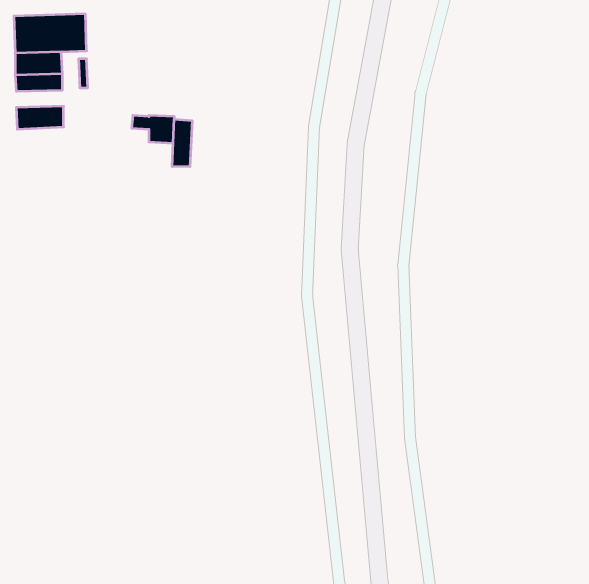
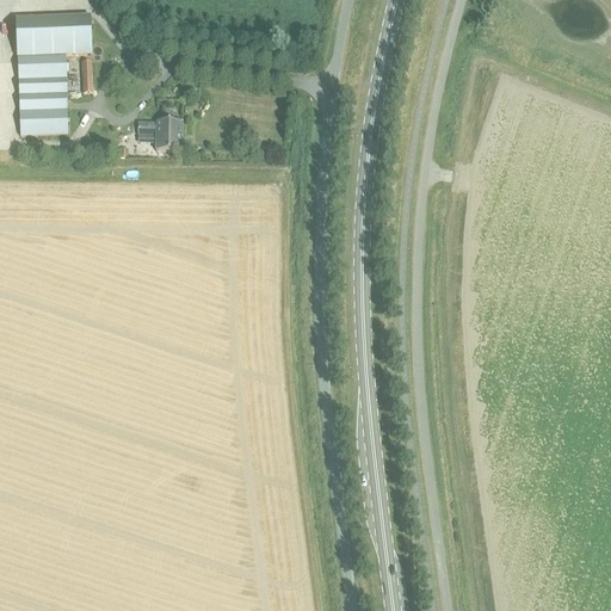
building: none -> [18,93,67,111]
building: [172,119,192,167] -> none

